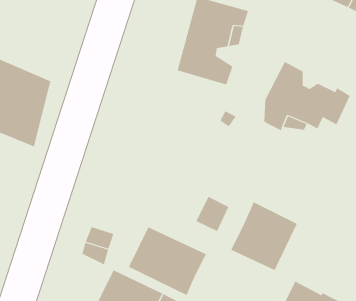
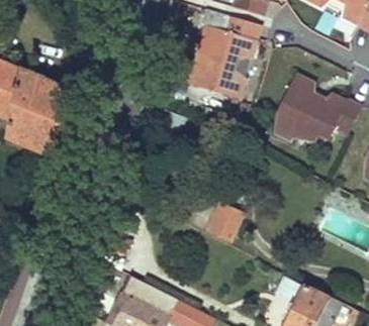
building: [230,201,298,271] -> none
building: [128,227,207,296] -> none

